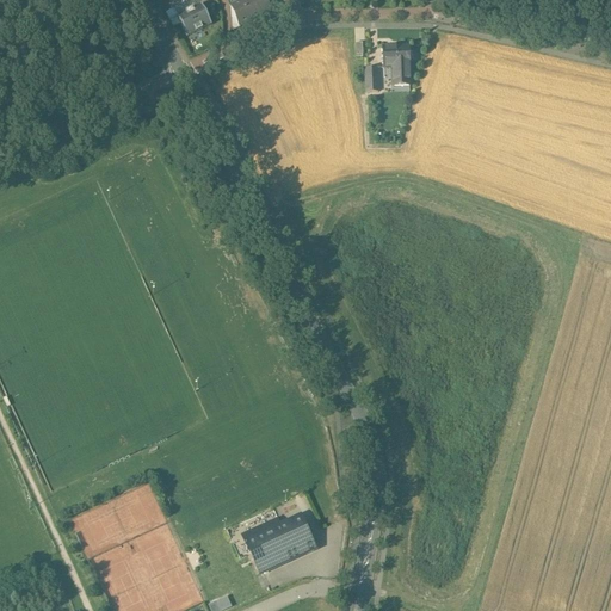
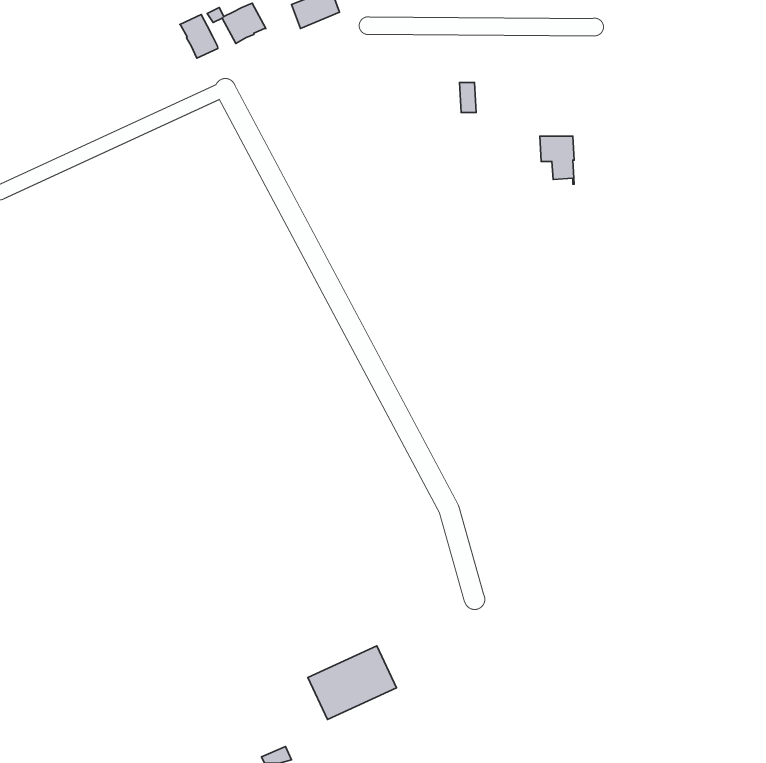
building: none -> [180,15,218,58]
building: [383,45,411,84] -> [540,136,574,184]

